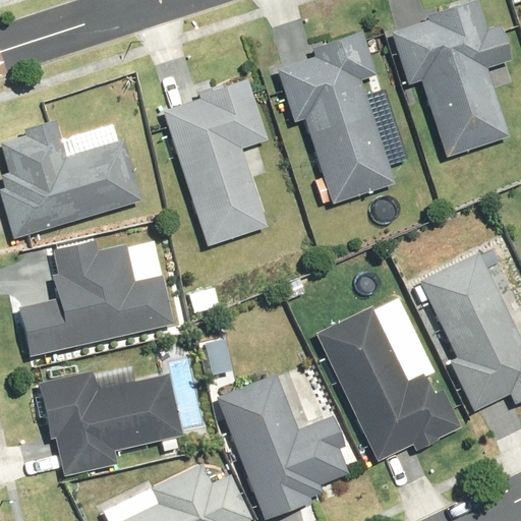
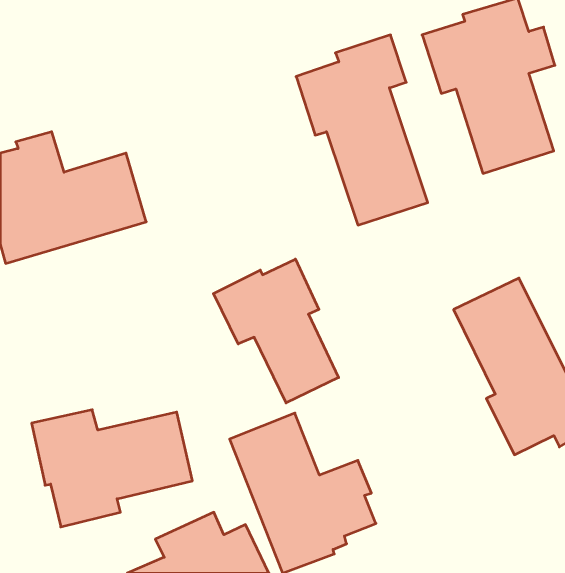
building: [163,78,268,246] -> none
building: none -> [213,259,339,403]
building: [17,240,174,356] -> none
building: [315,298,462,461] -> none

